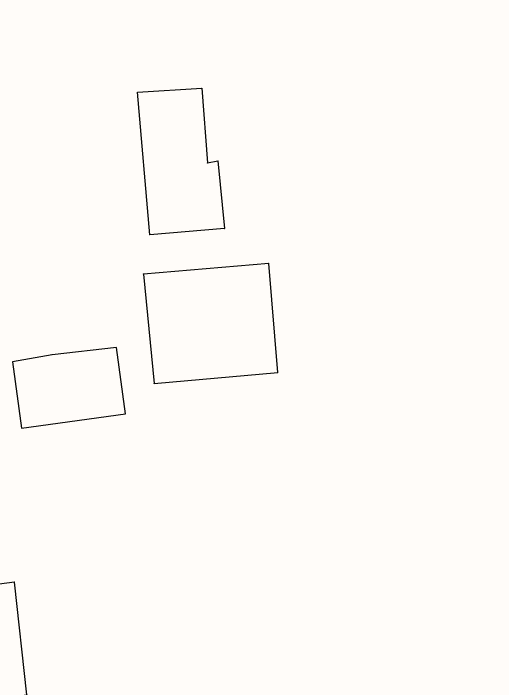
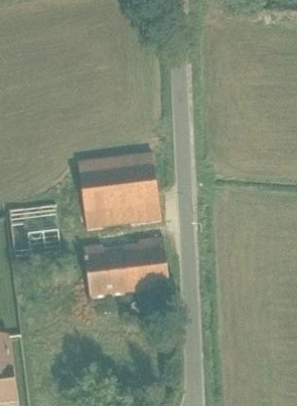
building: [138,88,224,235] -> none
building: none -> [86,237,171,301]

